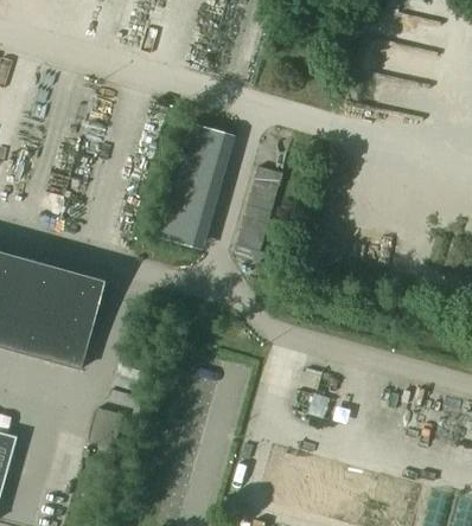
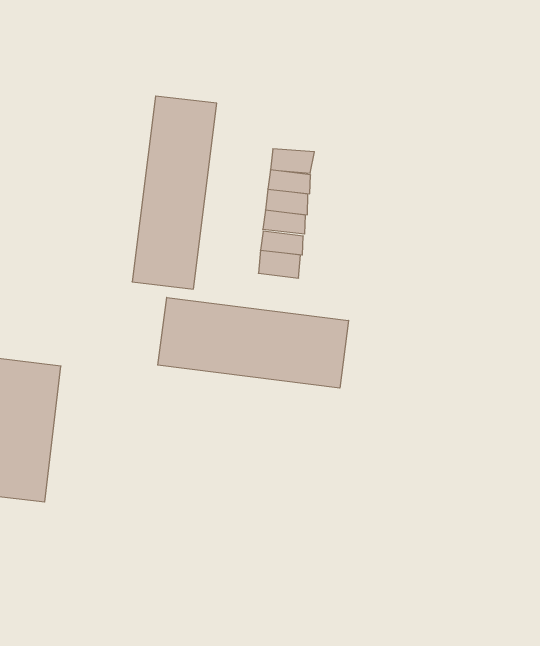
building: none -> [158,297,349,388]

